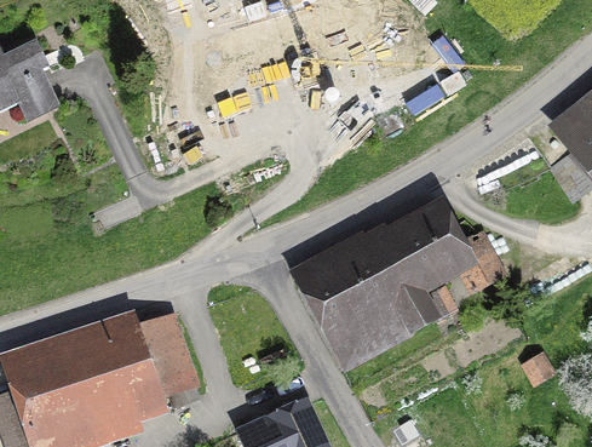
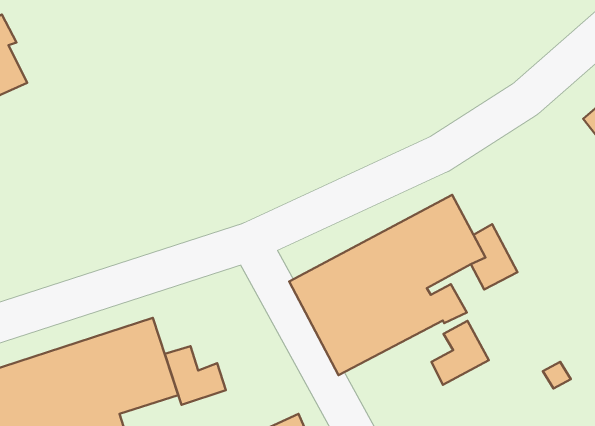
building: none -> [431,321,489,385]
building: none -> [165,346,226,405]

